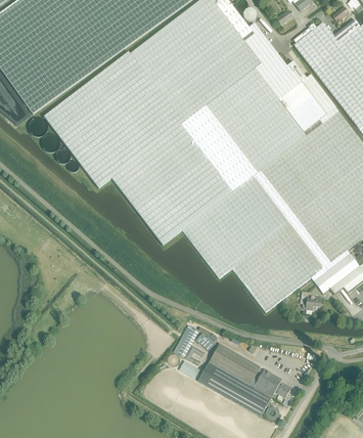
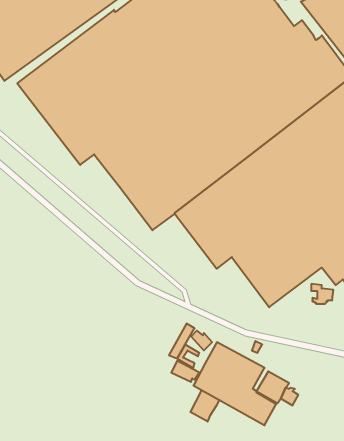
building: none -> [190,390,219,422]

